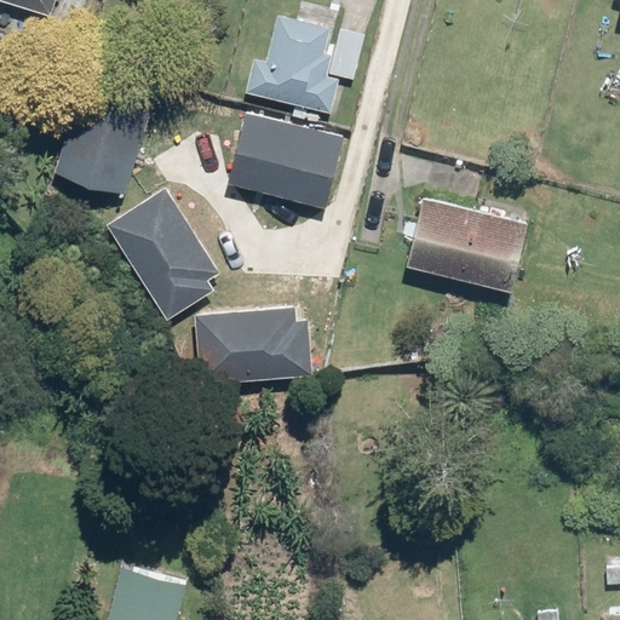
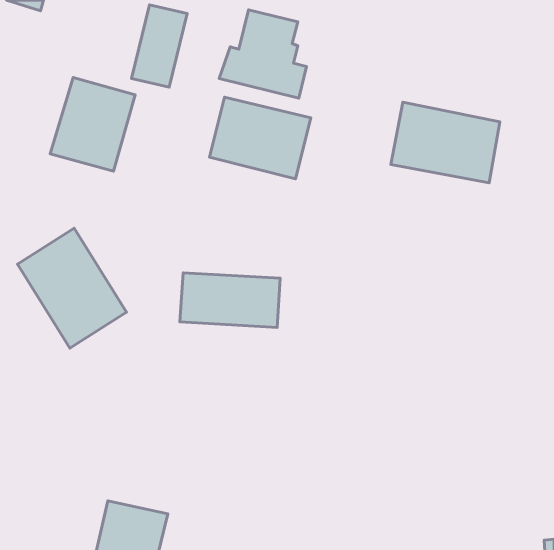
building: none -> [131,5,187,87]
building: [98,186,219,320] -> [17,228,127,348]
building: [408,197,529,287] -> [391,102,500,183]

